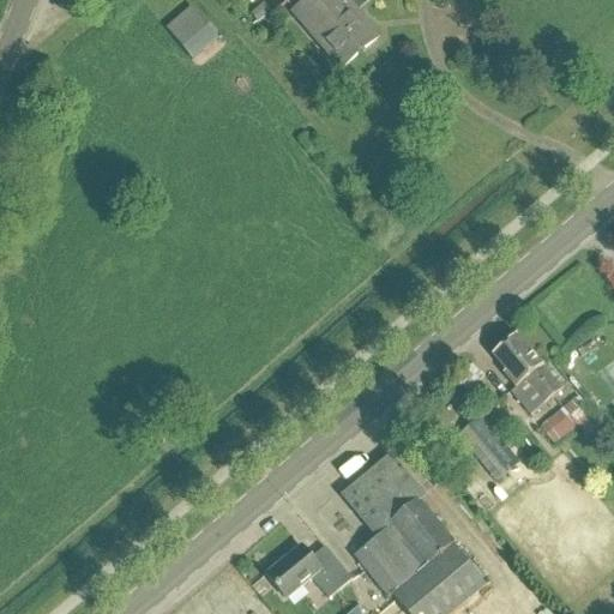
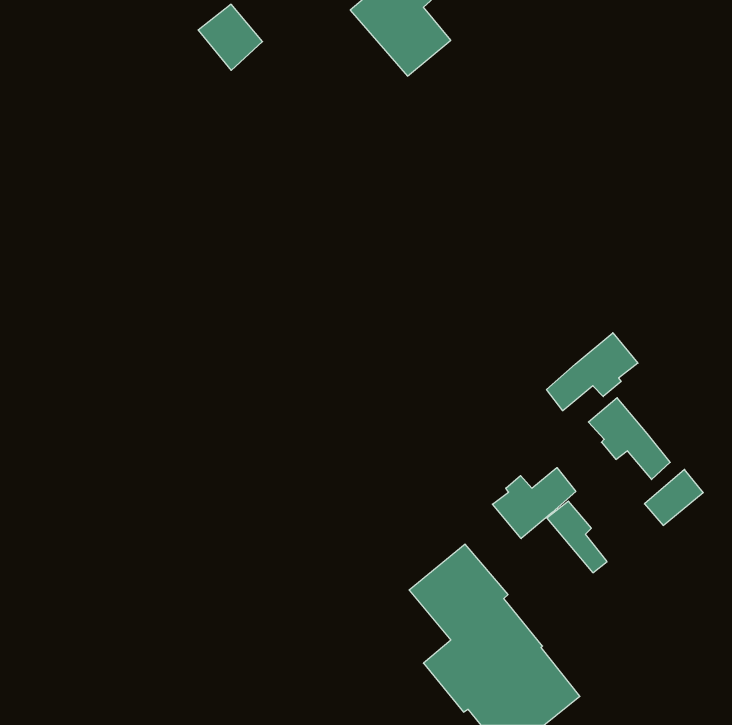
building: none -> [547,333,638,411]
building: none -> [492,468,576,539]
building: [265,543,351,596] -> none

